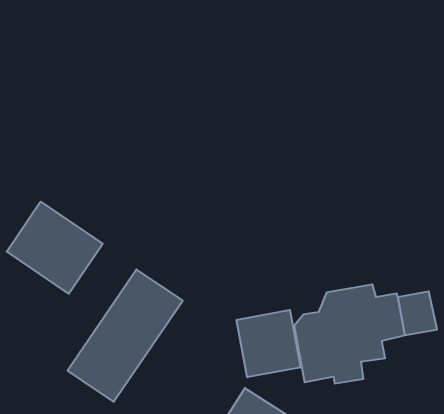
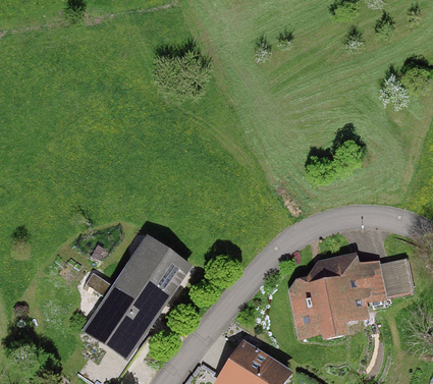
building: [7,202,103,294] -> none
building: [237,310,300,377] -> none

